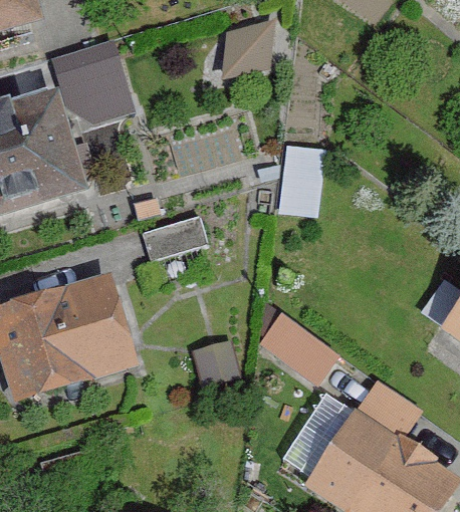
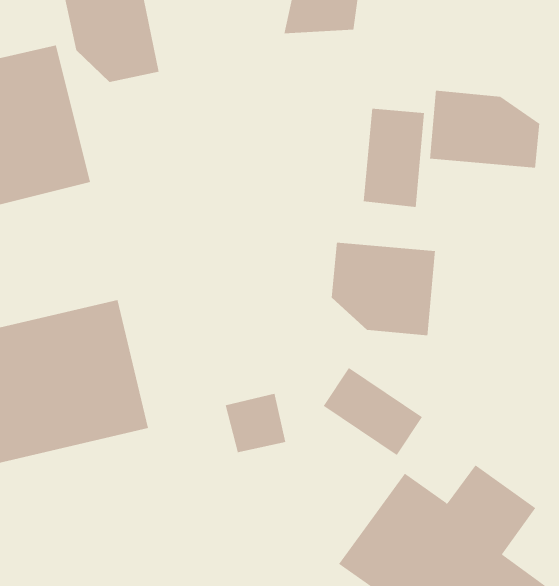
building: none -> [429,90,540,169]
building: none -> [331,242,435,336]

